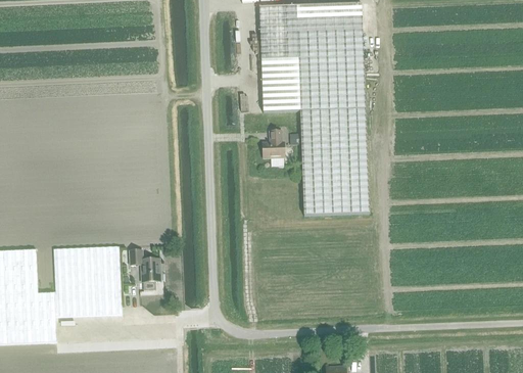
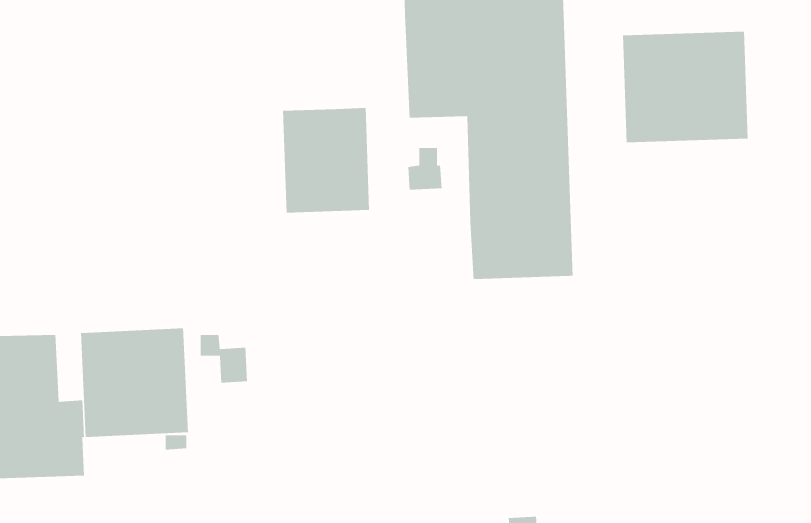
building: none -> [622,31,749,143]
building: none -> [282,107,370,213]

